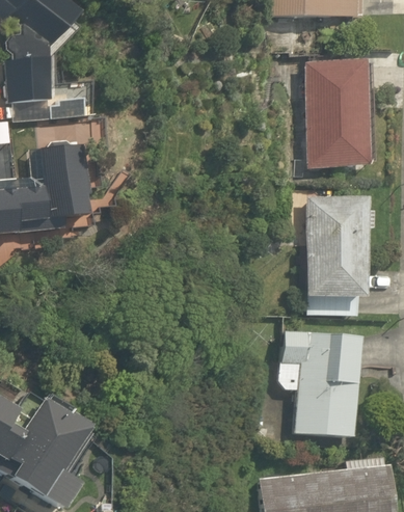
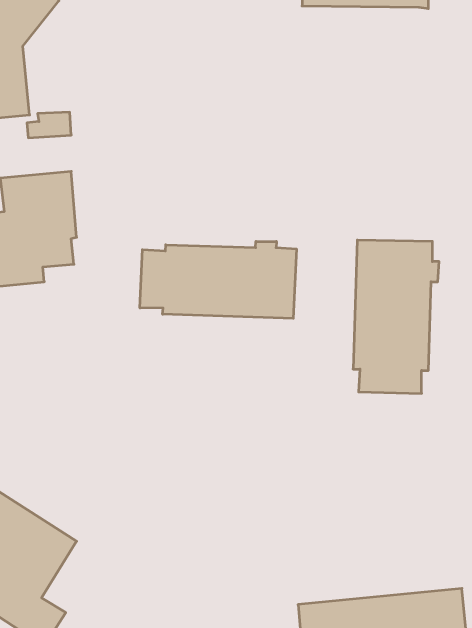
building: [303,60,374,168] -> none
building: none -> [140,241,296,318]
building: [279,331,358,436] -> none

